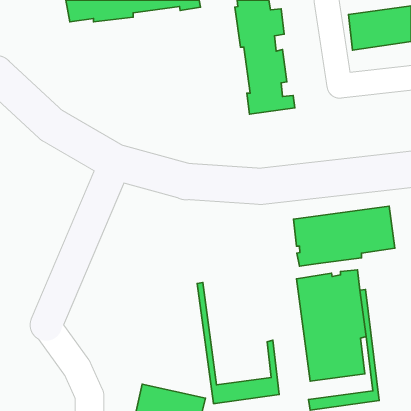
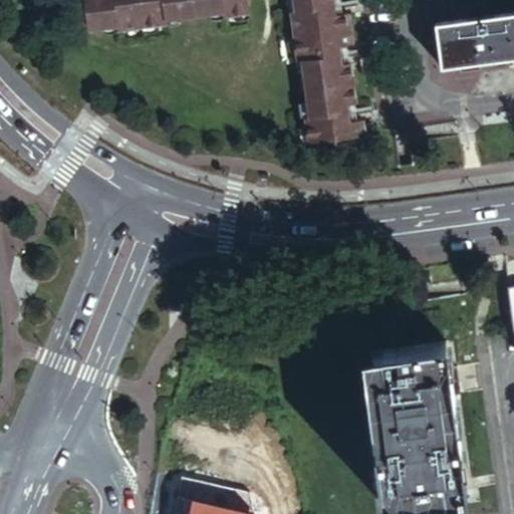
building: [294,206,395,266] -> none
building: [197,283,279,403] -> [359,349,461,499]

